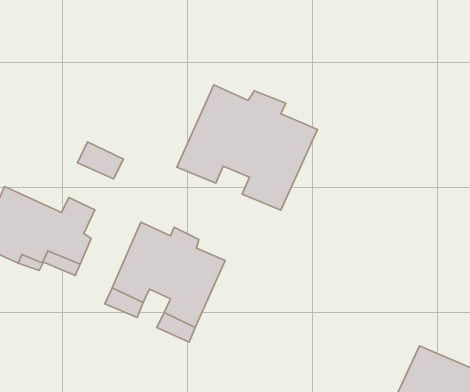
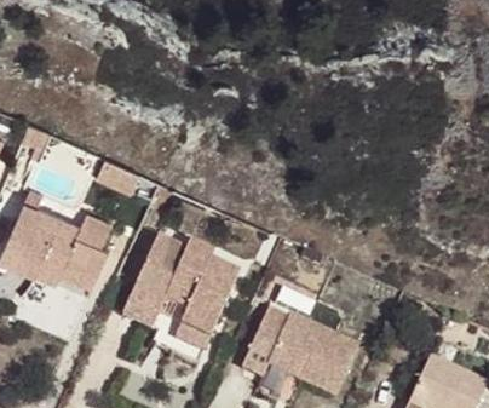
building: [177,85,318,210] -> none
building: none -> [241,301,359,395]

